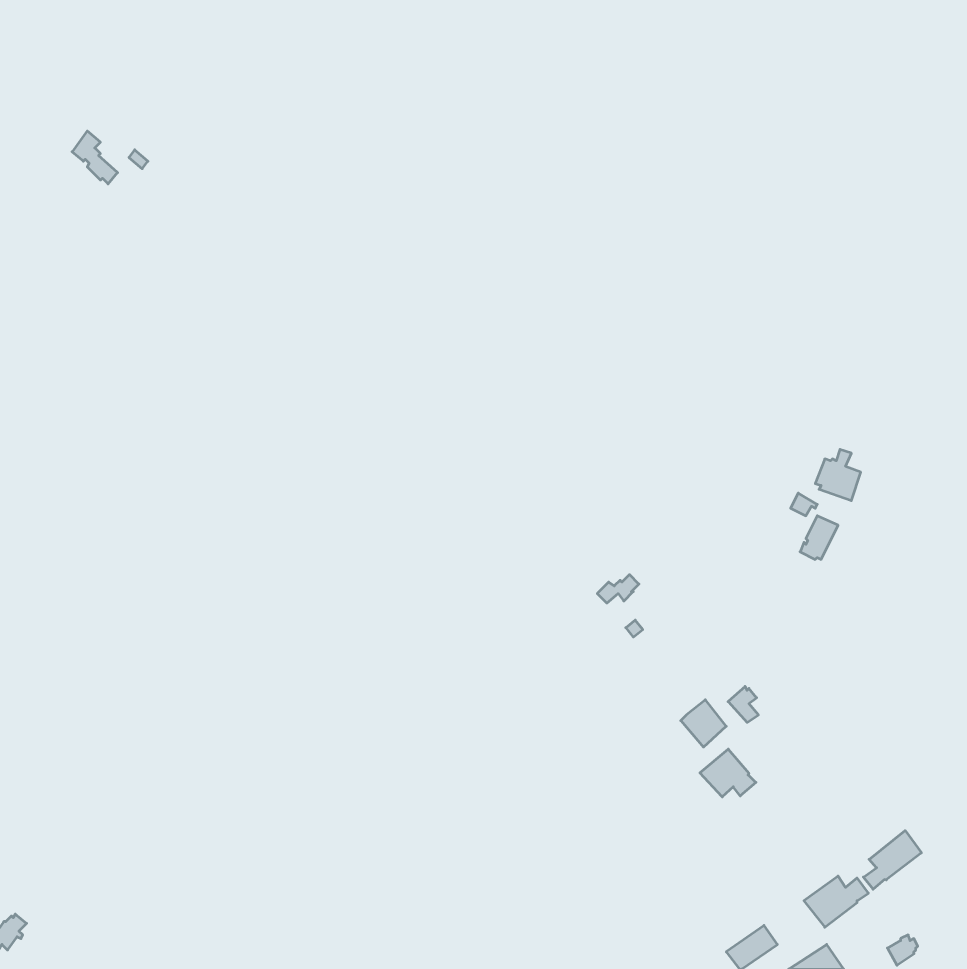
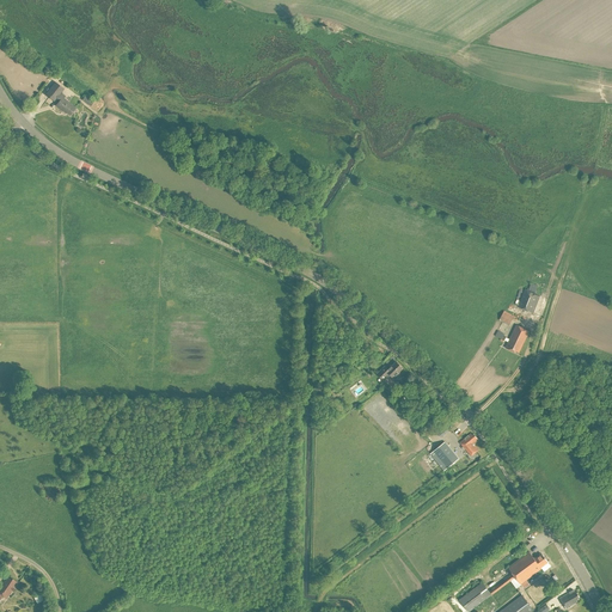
building: [700,749,756,797] -> none
building: [863,831,921,889] -> none

